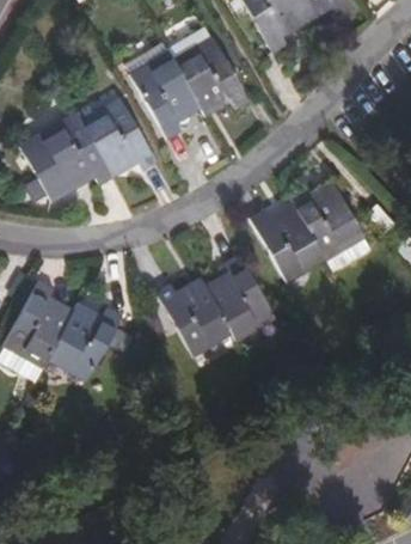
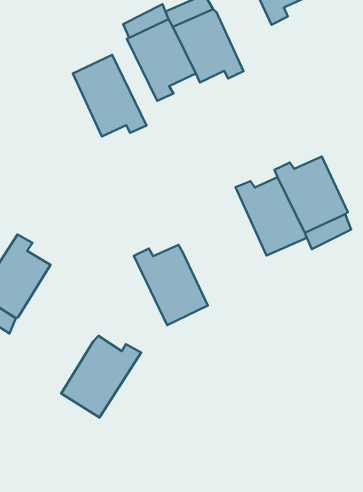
building: [17,111,115,202] -> none
building: [203,255,275,342] -> none
building: [47,301,122,381] -> [61,336,141,417]

